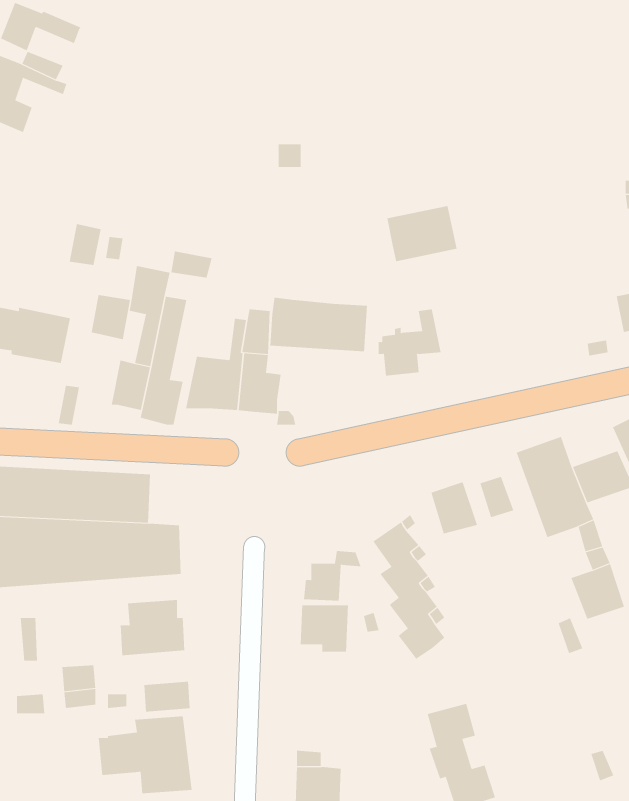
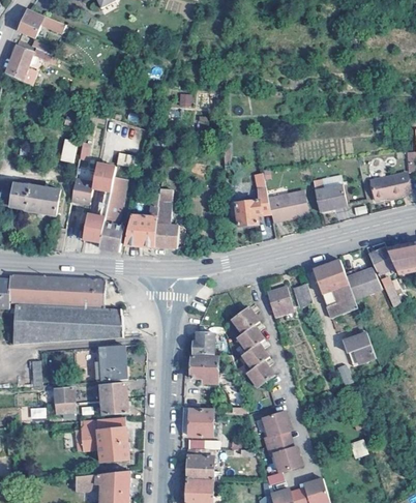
building: [386,205,457,262] -> [268,188,308,220]
building: none -> [313,176,347,211]
building: [270,297,368,352] -> none
building: none -> [100,384,127,401]
building: none -> [188,408,213,435]

